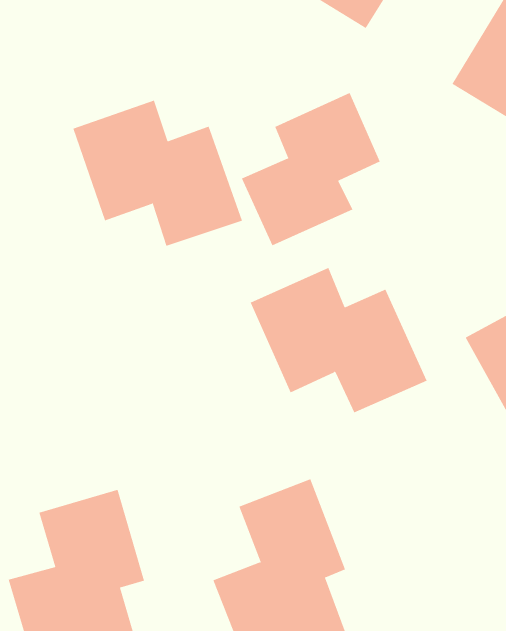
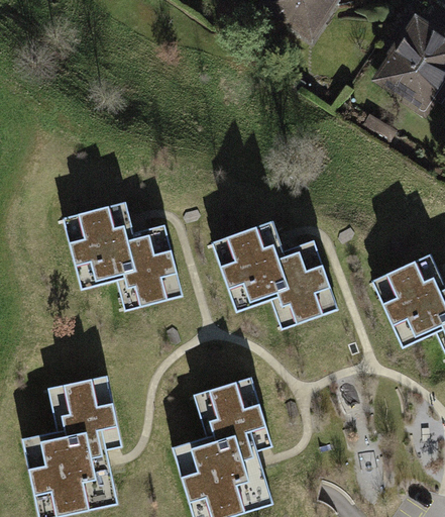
building: [241,92,381,246] -> none
building: [72,100,243,247] -> [61,201,183,311]

